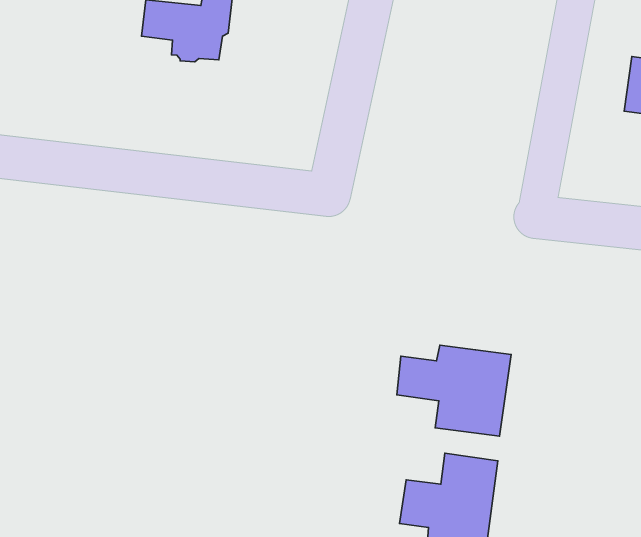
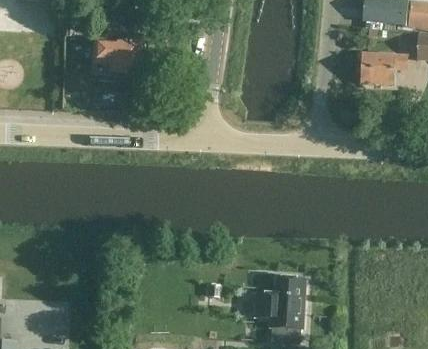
building: [397,345,511,436] -> none

